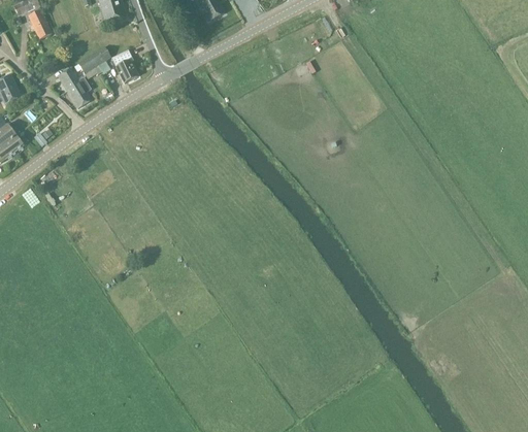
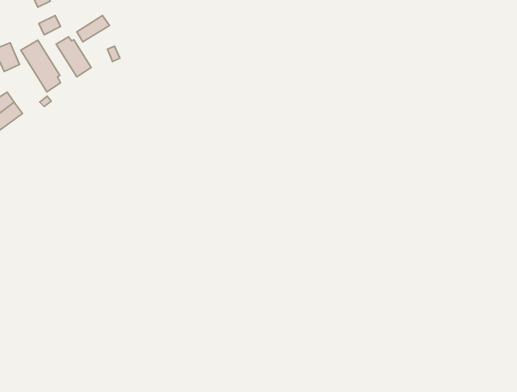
building: [112,48,138,81] -> none
building: none -> [21,40,61,92]

